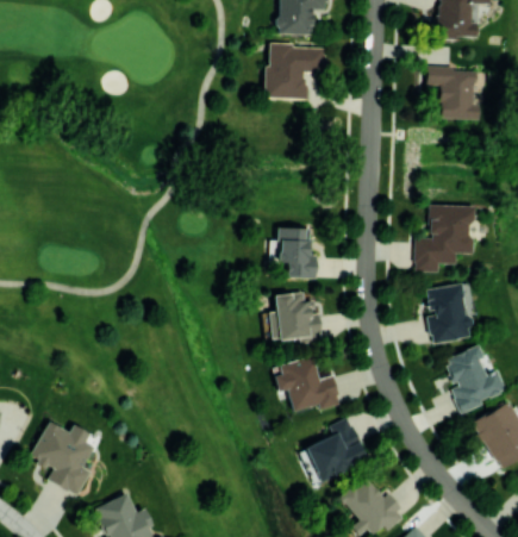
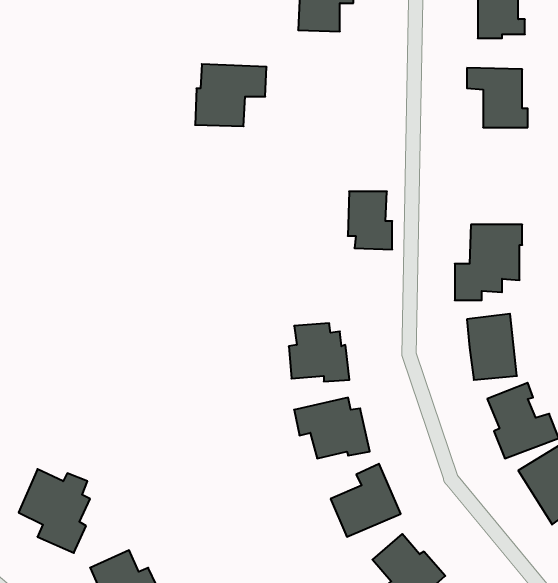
building: [263,44,326,99] -> [195,64,267,126]
building: [277,227,317,279] -> [348,191,392,249]

